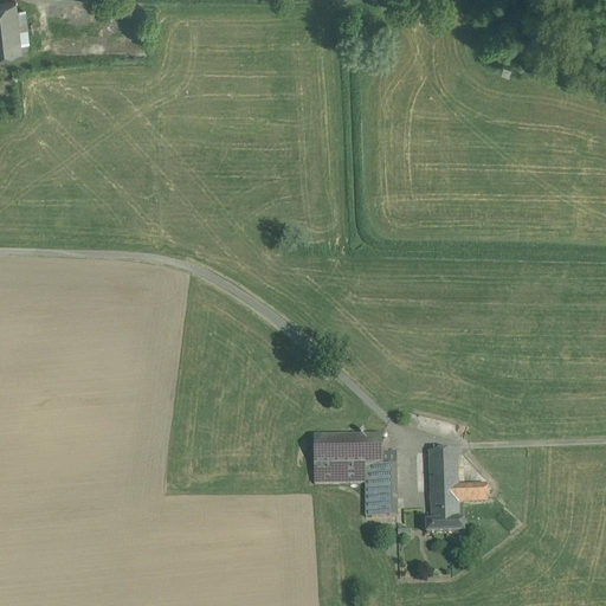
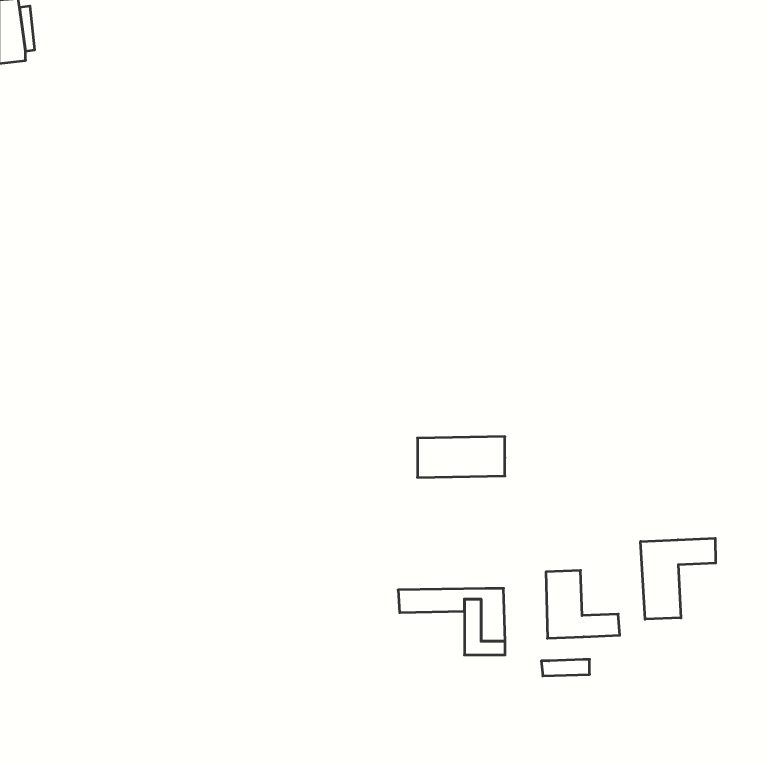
building: none -> [641,538,716,619]
building: [312,431,381,463] -> [417,437,505,477]
building: [430,499,458,518] -> none

